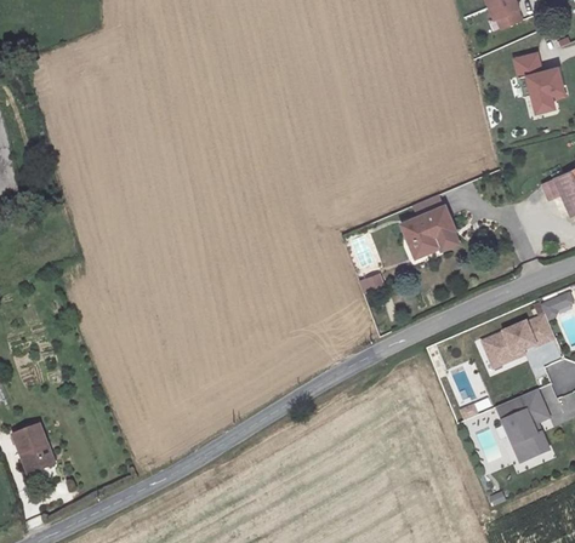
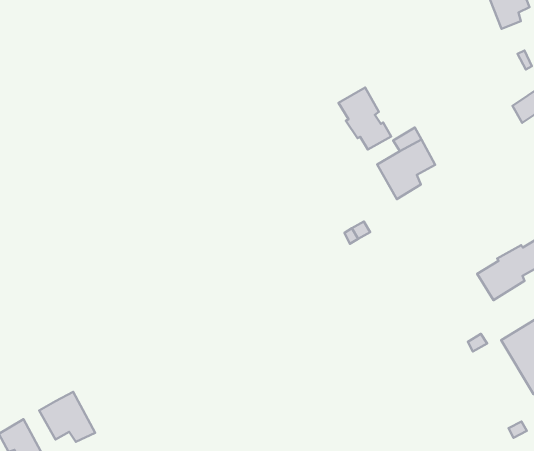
building: none -> [339,87,391,150]
building: none -> [39,392,95,442]

